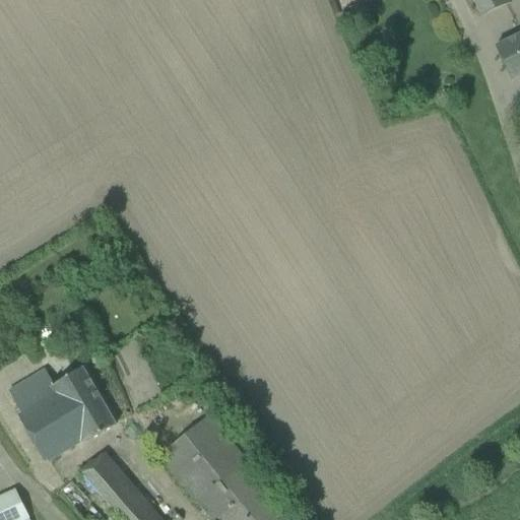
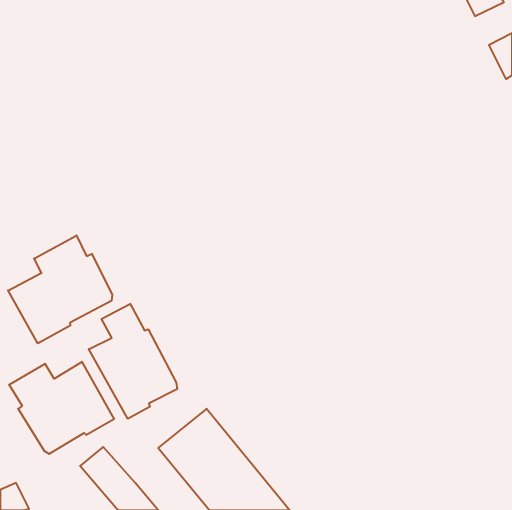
building: none -> [8,235,112,343]
building: none -> [89,304,177,419]

